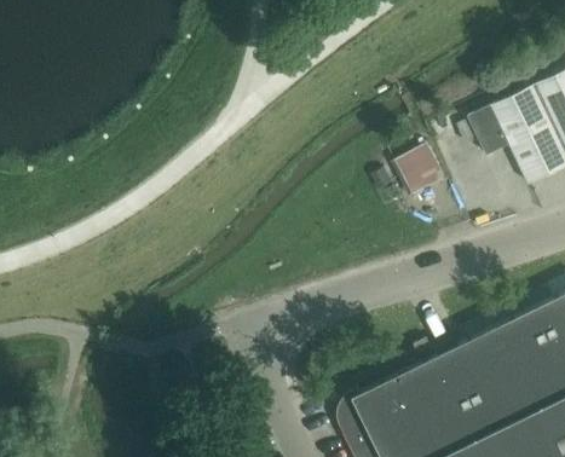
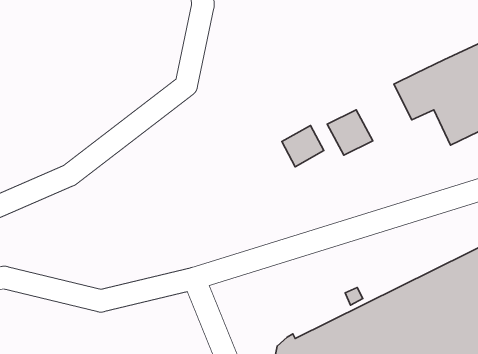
building: none -> [282,125,324,167]

